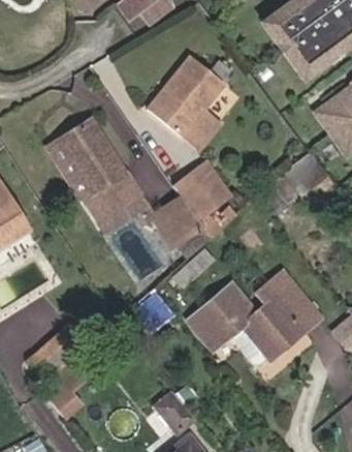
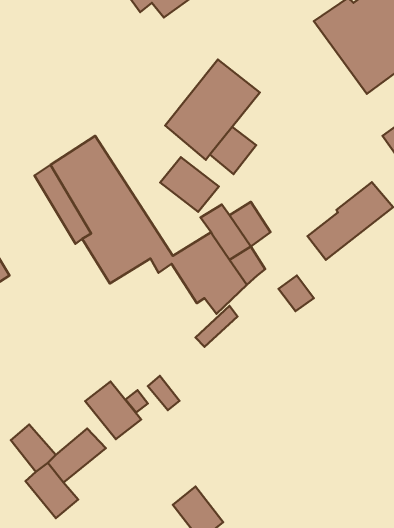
building: none -> [160,157,219,212]
building: [191,268,318,360] -> none
building: none -> [85,382,141,439]

